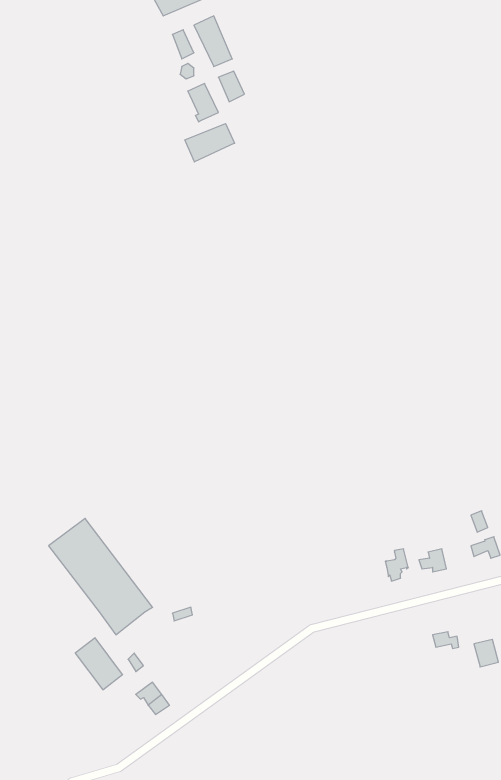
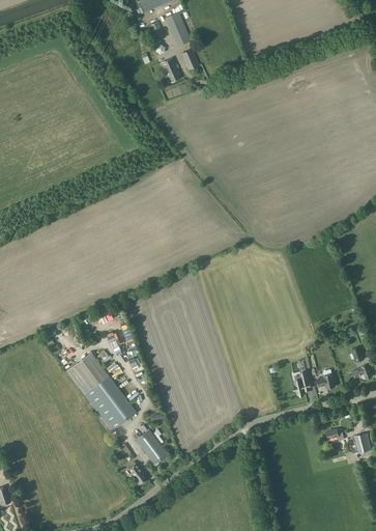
building: [185,124,235,162] -> none
building: [75,638,123,690] -> [136,428,168,464]

